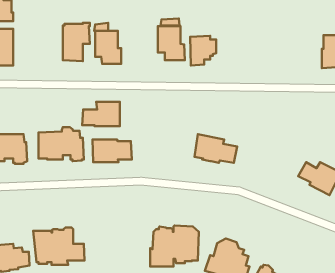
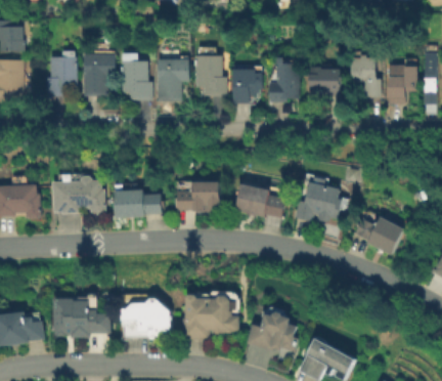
building: none -> [43,51,75,96]
building: none -> [348,55,379,97]
building: none -> [267,56,297,102]
building: none -> [156,59,187,101]
building: none -> [305,67,336,96]
building: [82,102,120,126] -> [178,181,222,210]
building: none -> [298,174,345,222]
building: none -> [119,293,172,339]

